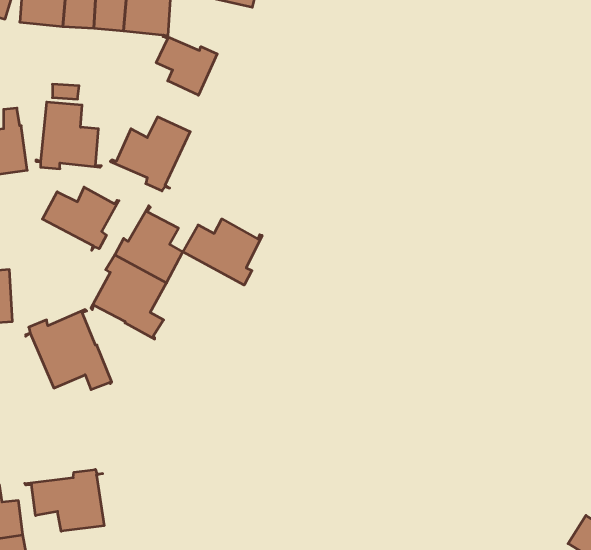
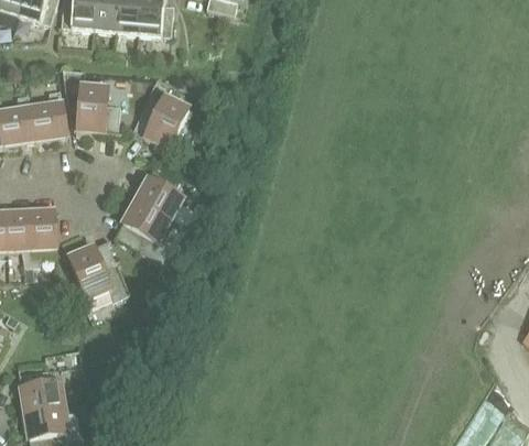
building: [156,35,217,95] -> none
building: [42,187,119,250] -> none
building: [183,219,262,285] -> none
building: [25,469,104,531] -> none

